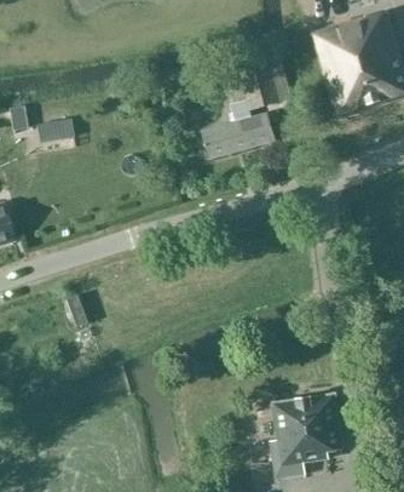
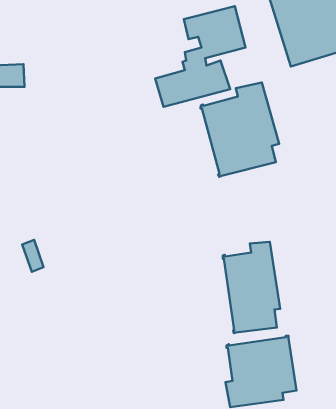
building: none -> [201,83,279,177]
building: none -> [223,242,280,333]

